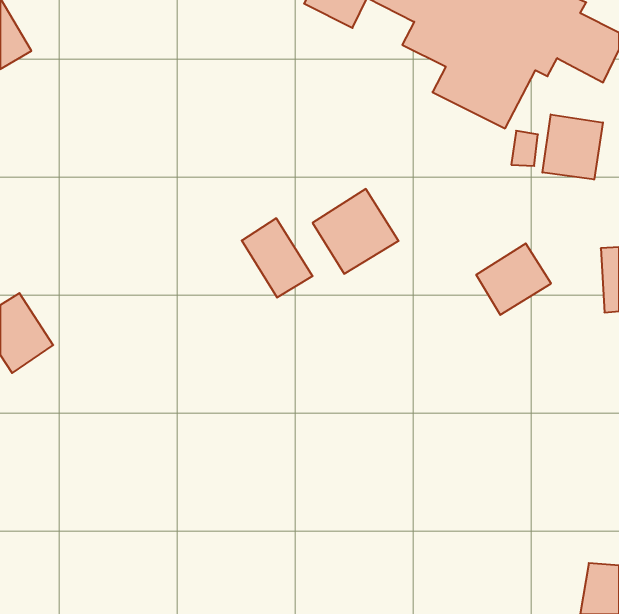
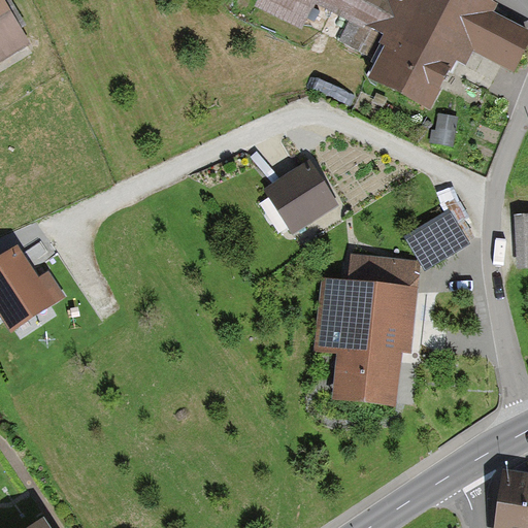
building: [542,114,603,180] -> none
building: [242,218,313,298] -> none
building: none -> [312,254,419,406]

